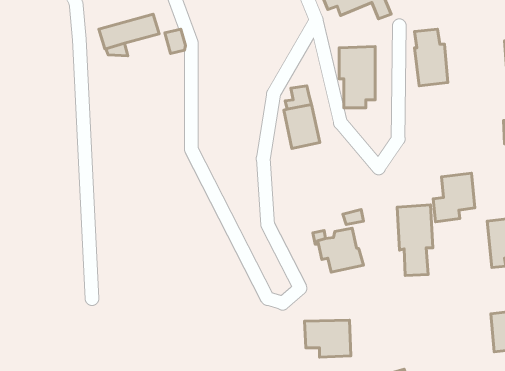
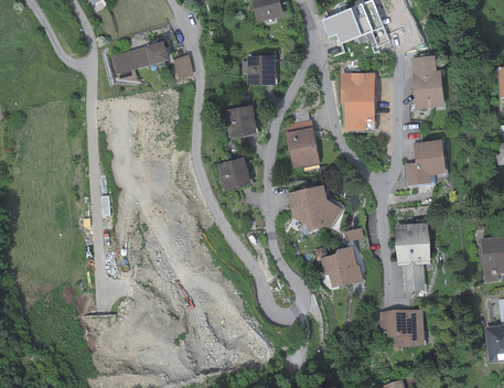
building: none -> [242,55,275,84]
building: none -> [224,105,255,137]
building: none -> [216,157,250,191]
building: none -> [287,185,341,229]
building: [433,173,475,222] -> [405,139,444,185]
building: [305,320,351,357] -> [379,310,423,345]

